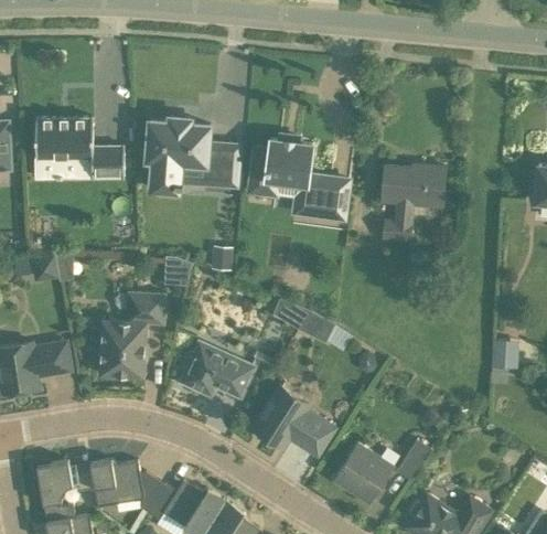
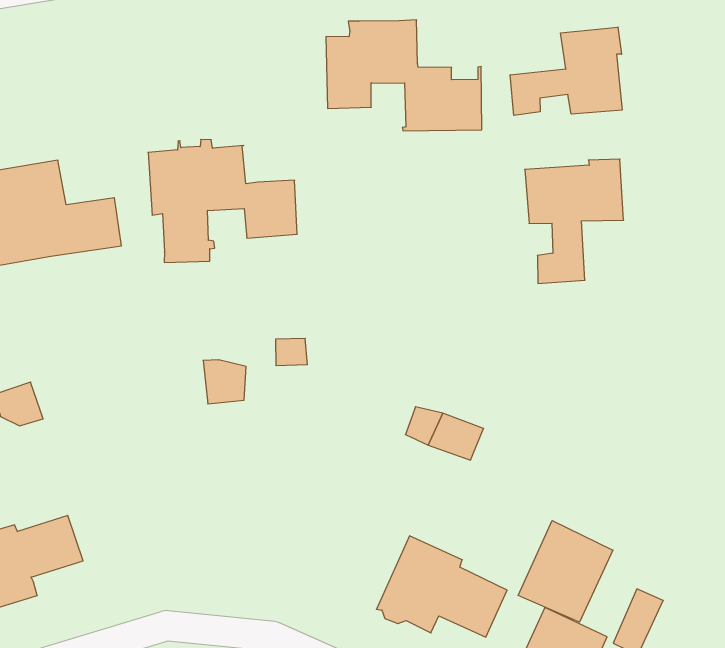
building: none -> [510,27,622,115]
building: [249,141,350,222] -> [326,20,482,131]
building: [99,293,165,377] -> none
building: [179,342,255,398] -> none
building: none -> [518,521,613,622]

